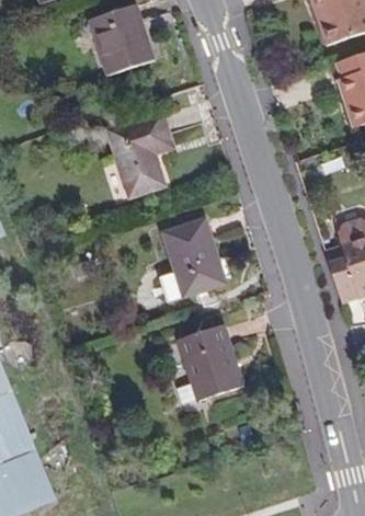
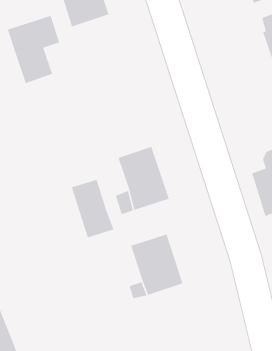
building: [109,112,173,196] -> [7,15,60,84]
building: none -> [71,179,114,239]

